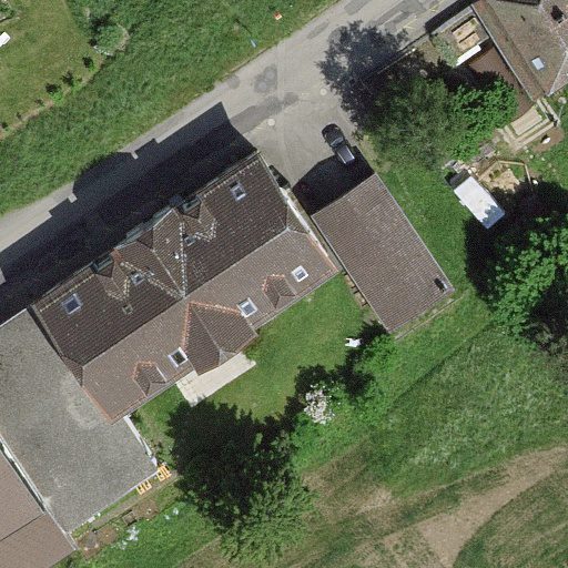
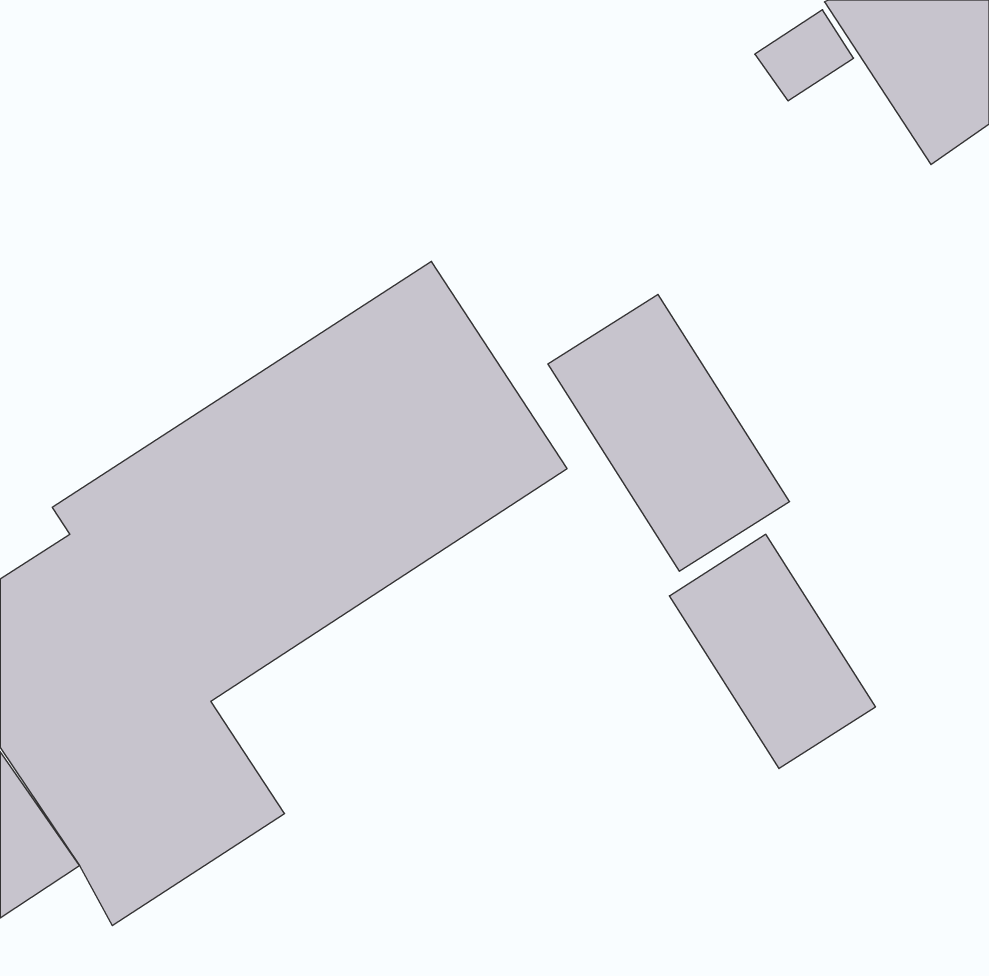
building: none -> [669,534,875,769]

